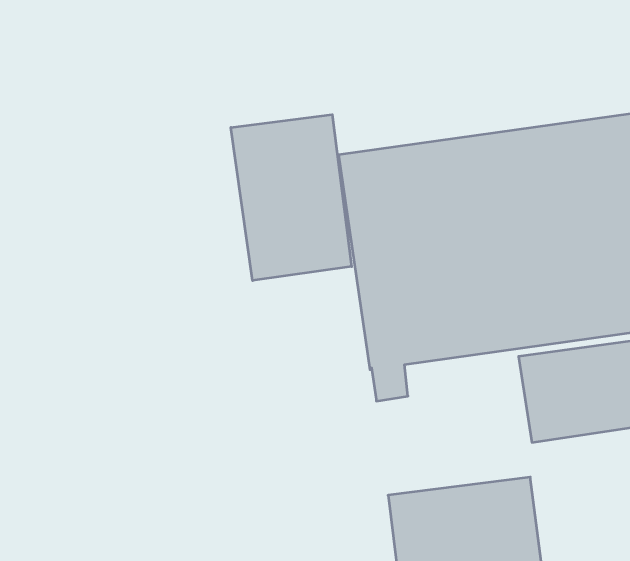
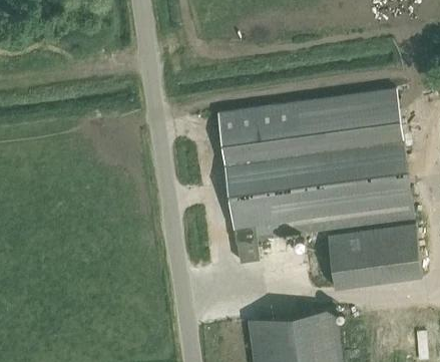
building: [231,115,352,281] -> none

